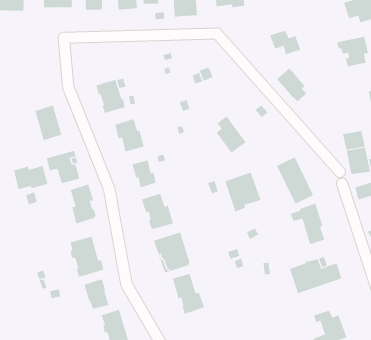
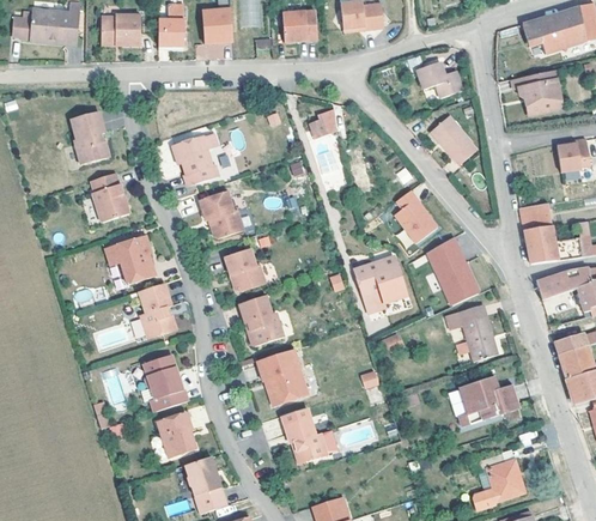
building: none -> [67,105,110,164]
building: [216,116,247,153] -> [397,195,440,248]
building: [14,165,48,190] -> none

